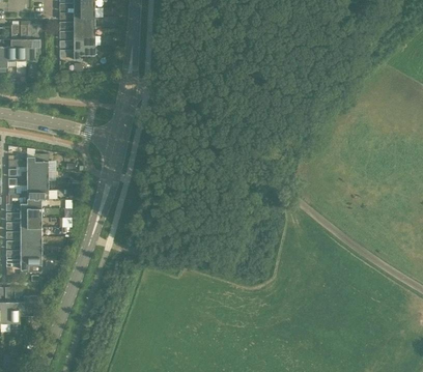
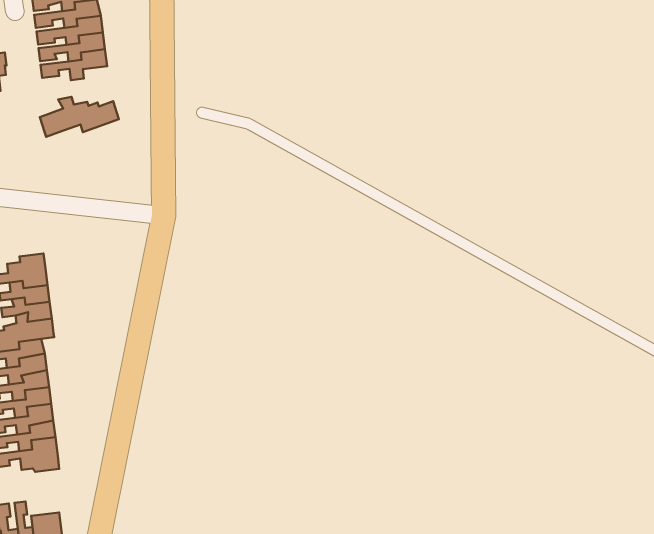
building: none -> [40,97,119,137]

